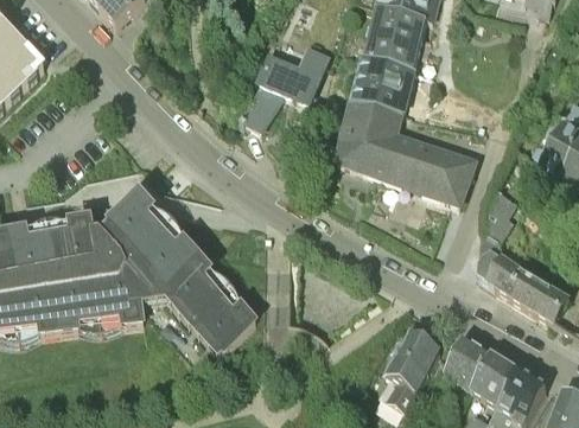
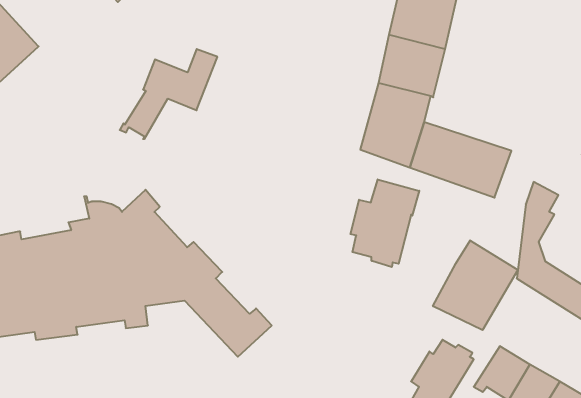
building: [238,46,327,128] -> [120,49,217,139]
building: none -> [350,179,419,267]
building: none -> [433,240,518,330]

